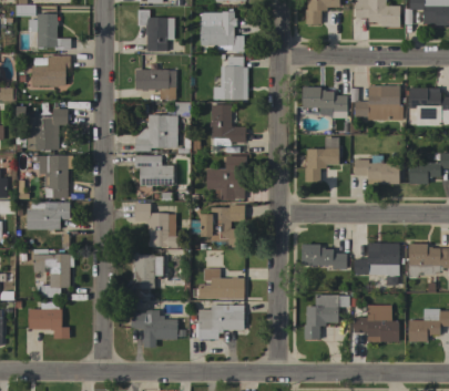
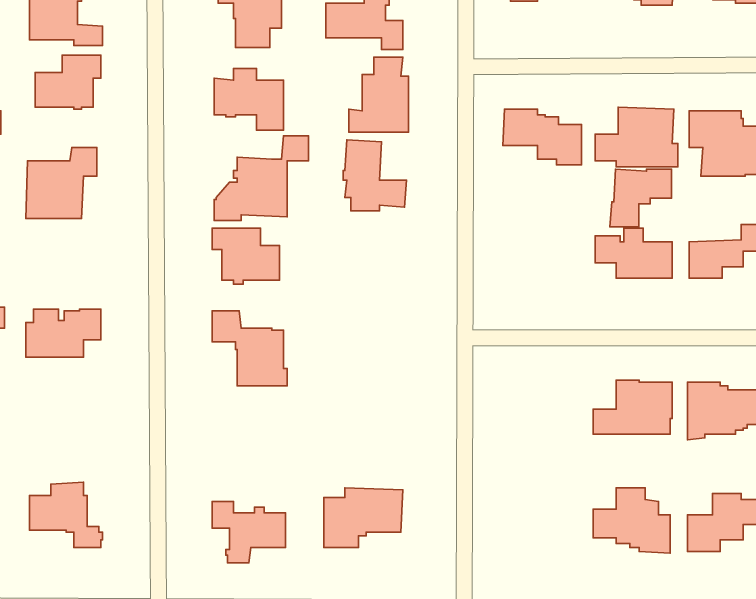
building: [304,148,339,182] -> [610,169,671,227]
building: [39,155,69,198] -> none
building: [206,155,246,200] -> none
building: [201,205,244,247] -> none
building: [302,244,346,268] -> none
building: [33,254,74,297] -> none
building: [134,255,163,300] -> none
building: [198,268,244,298] -> none
building: [304,295,349,339] -> none

